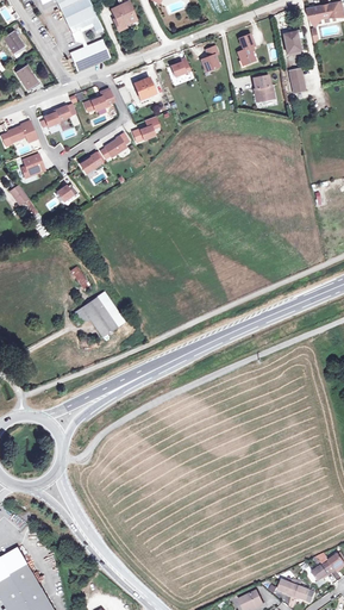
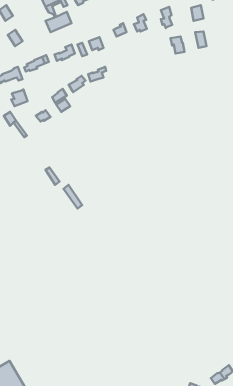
building: [74,298,117,337] -> none

